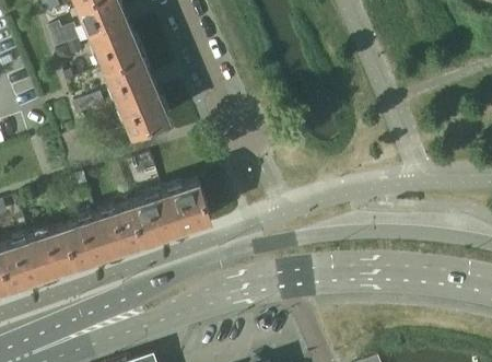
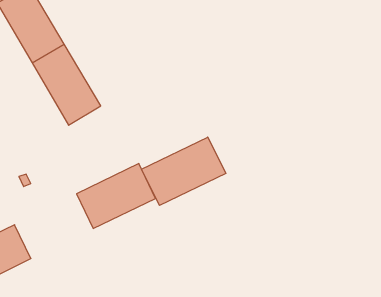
building: none -> [141,137,226,205]
building: [66,209,144,268] -> none

